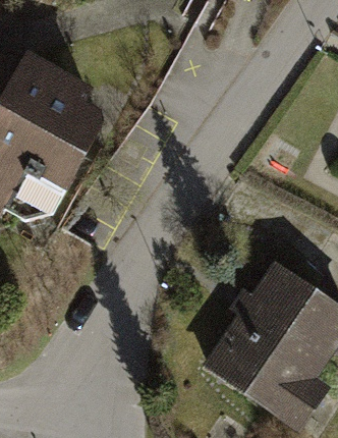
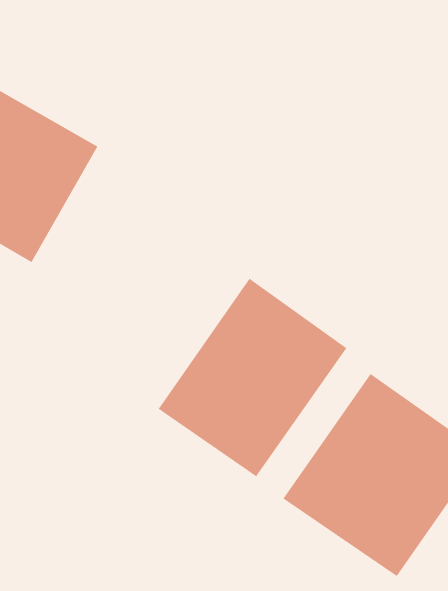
building: none -> [158,278,347,477]

